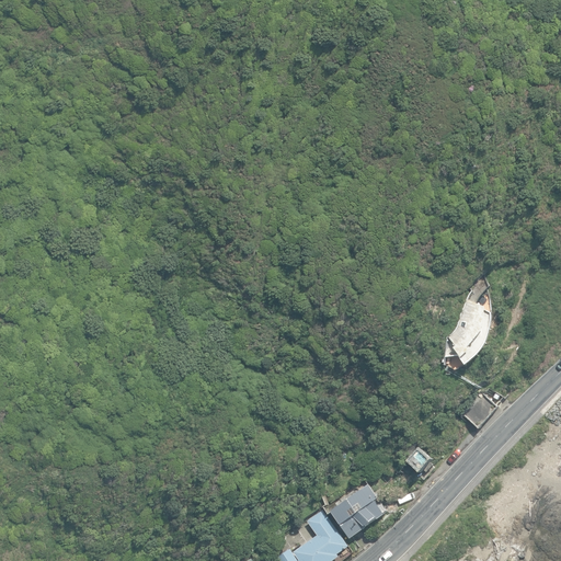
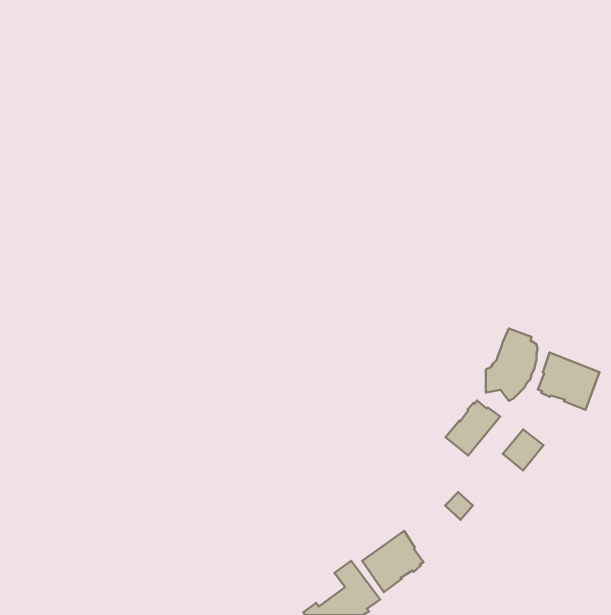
building: none -> [538,352,600,410]
building: none -> [445,400,500,455]

